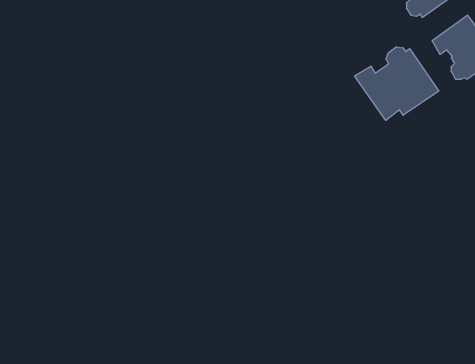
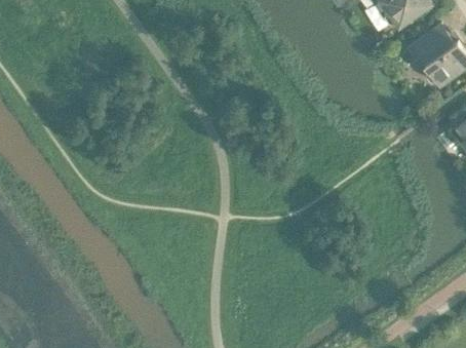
building: [355,47,439,120] -> none

